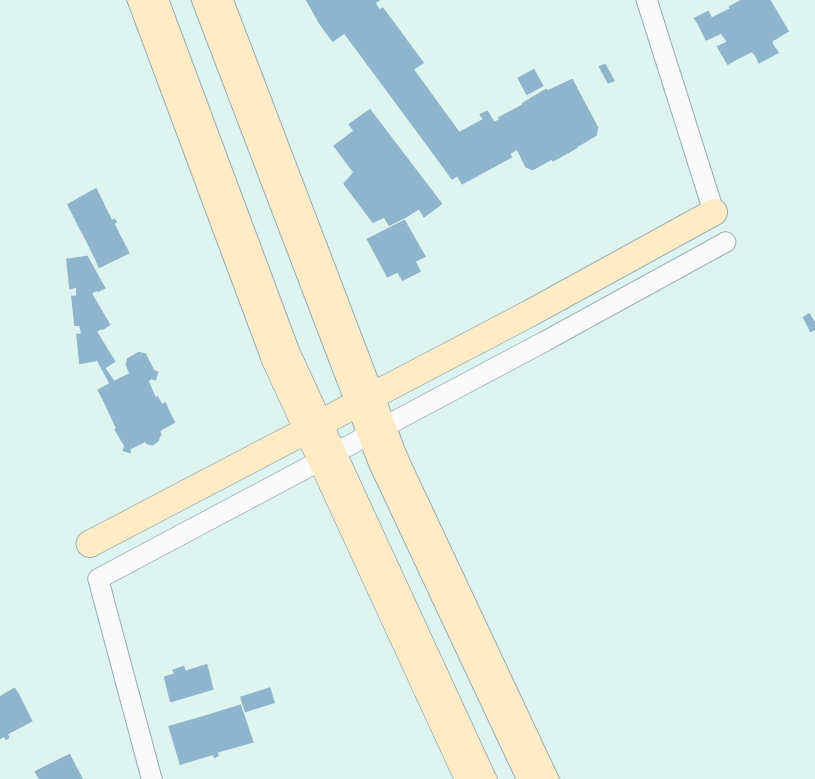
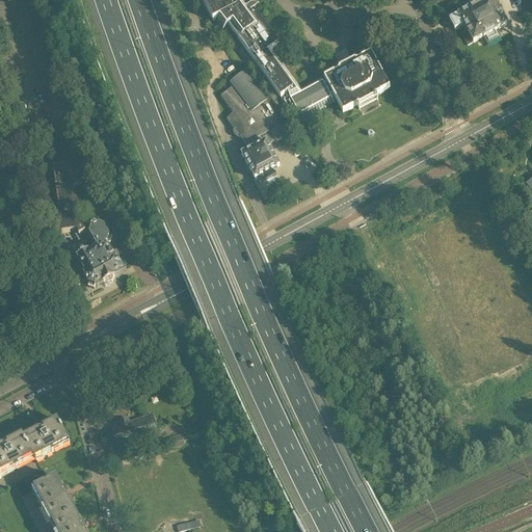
building: [66,187,131,269] -> none
building: none -> [22,415,68,455]
building: [168,704,254,766] -> none

